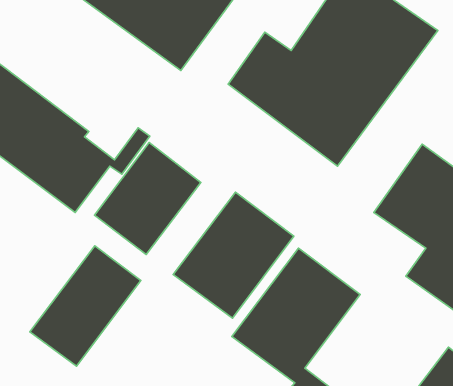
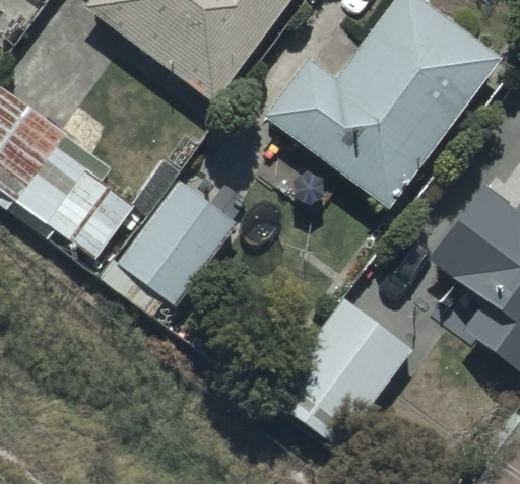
building: [173,192,294,318] -> none
building: [30,246,141,366] -> none

